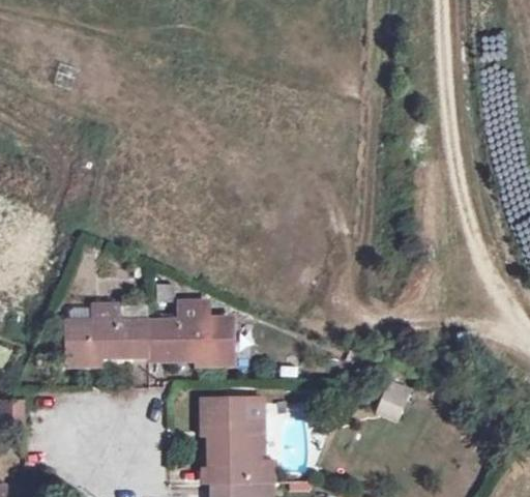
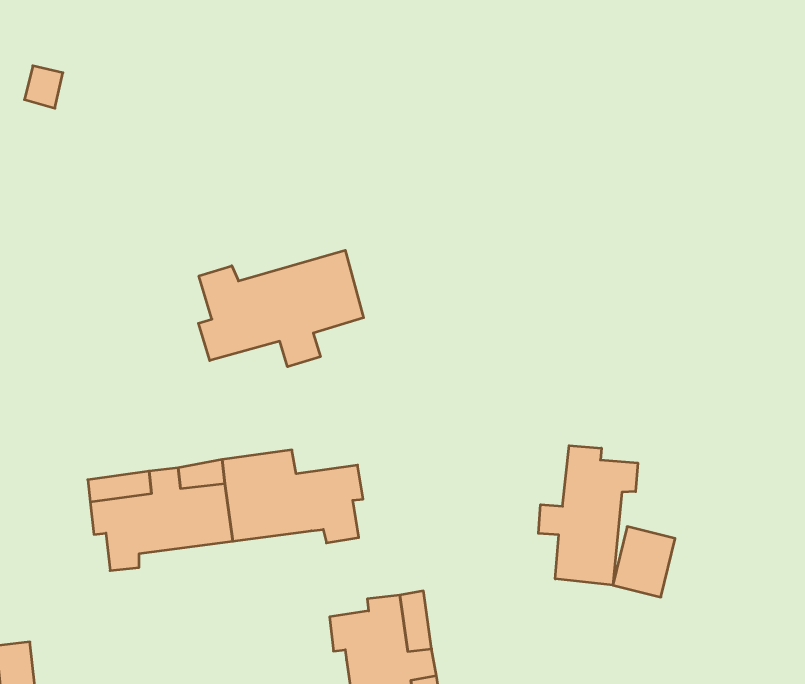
building: none -> [198,250,364,367]
building: none -> [538,446,638,585]

